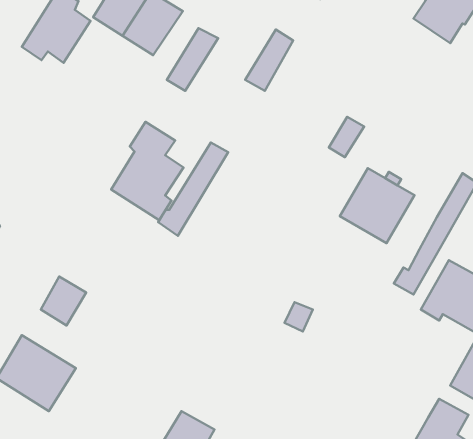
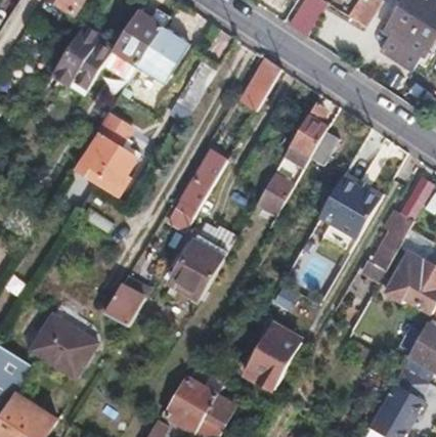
building: none -> [285,101,328,168]
building: [111,122,184,220] -> [77,115,137,196]
building: none -> [257,162,293,215]
building: none -> [171,243,223,299]
building: [41,277,86,326] -> [105,286,143,326]
building: none -> [244,324,301,390]

